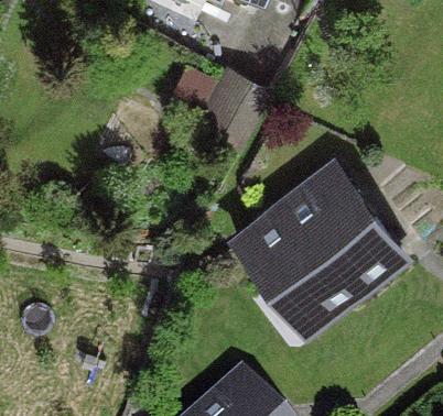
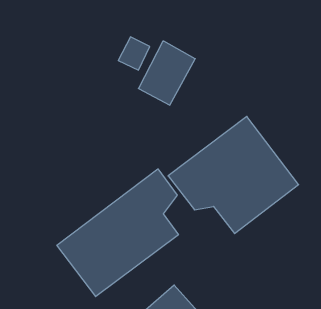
building: none -> [57,169,178,297]

